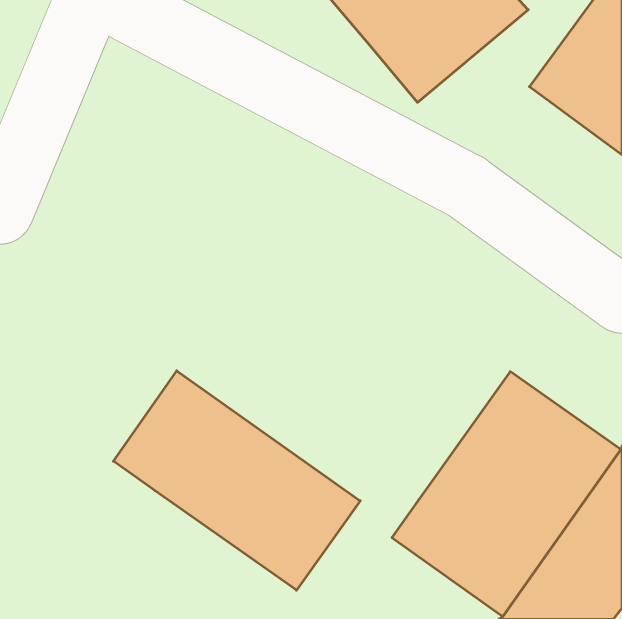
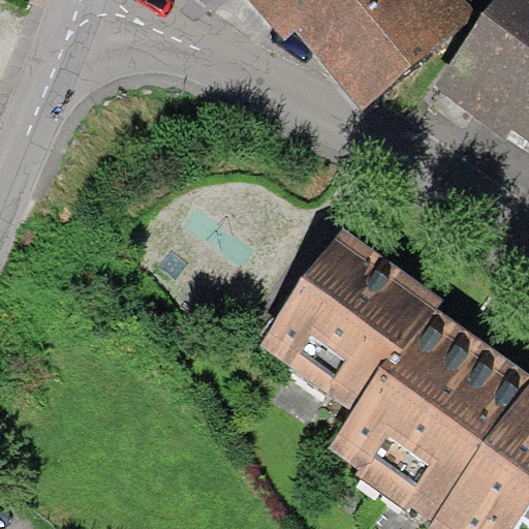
building: none -> [258,239,438,424]
building: [113,371,360,590] -> none

